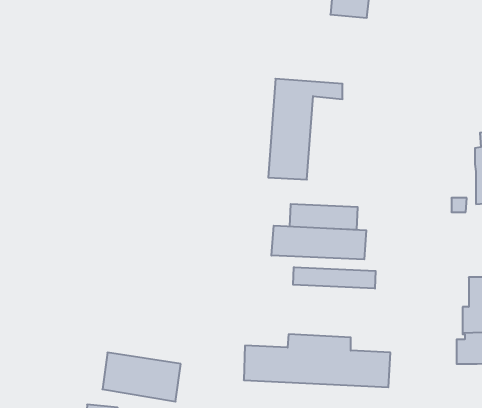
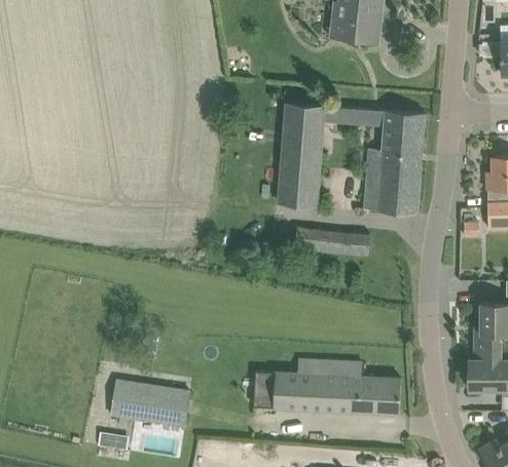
building: none -> [353,109,424,212]
building: [271,226,366,259] -> none
building: [293,267,376,289] -> none

